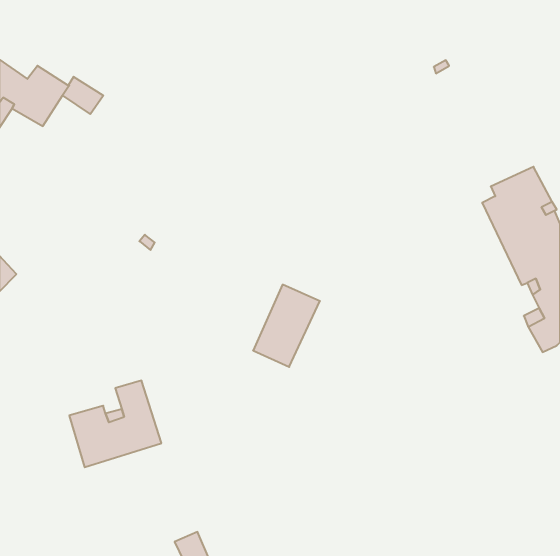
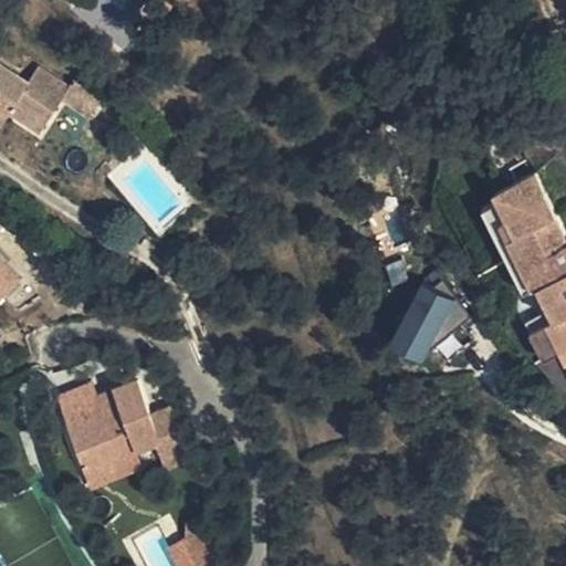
building: [253,285,320,367] -> [387,289,454,371]
building: none -> [62,387,104,423]

